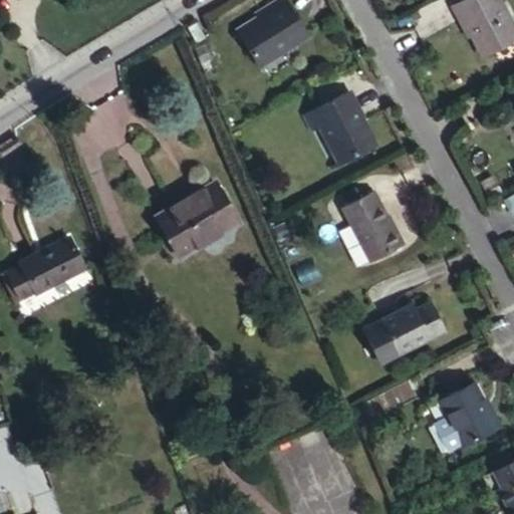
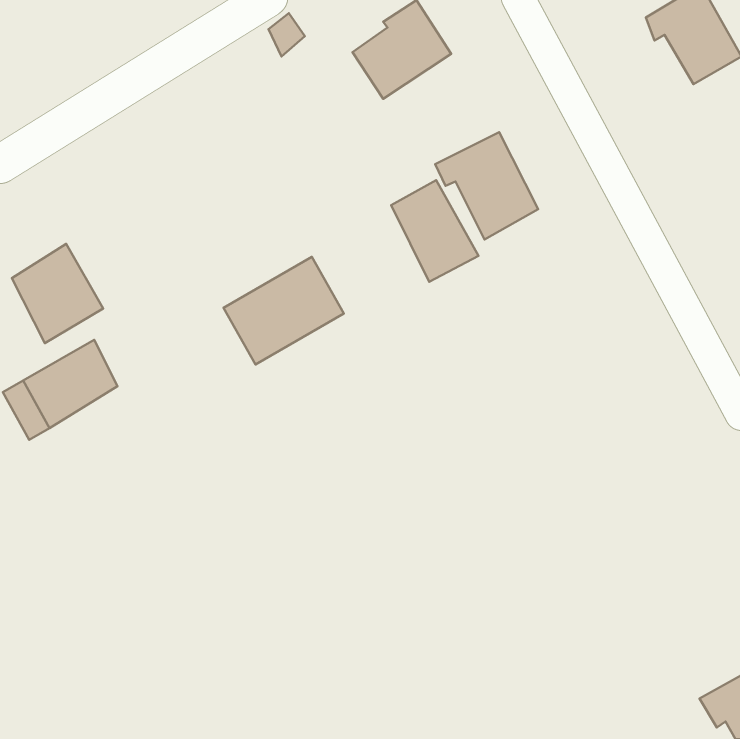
building: none -> [12,244,103,343]
building: [345,192,406,262] -> [391,180,478,282]
building: [370,298,454,360] -> none
building: [440,390,503,458] -> none

